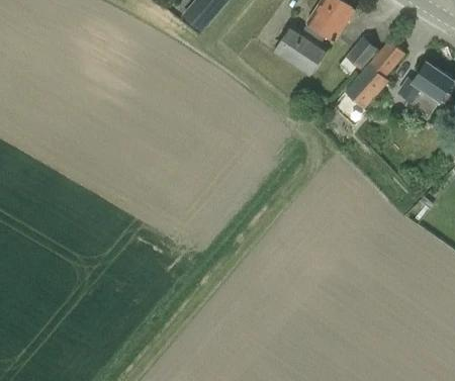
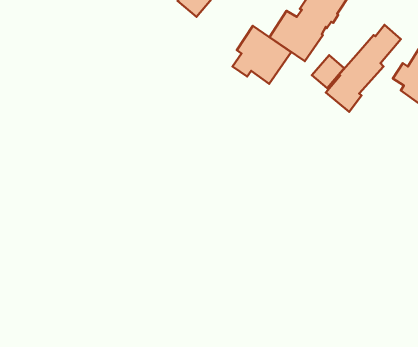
building: [346,36,378,70] -> [312,55,344,88]
building: none -> [232,26,291,84]

